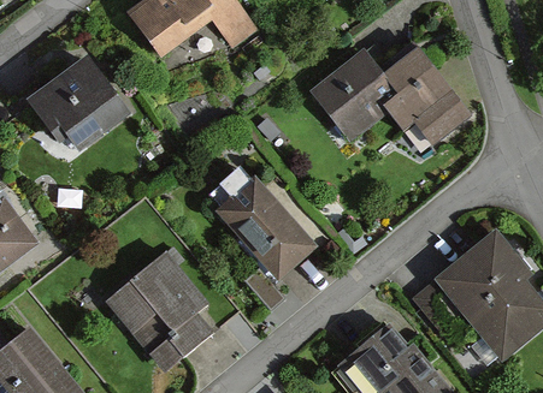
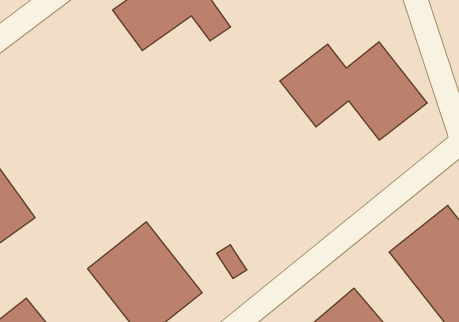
building: [31,56,134,150] -> none
building: [218,178,315,278] -> none

